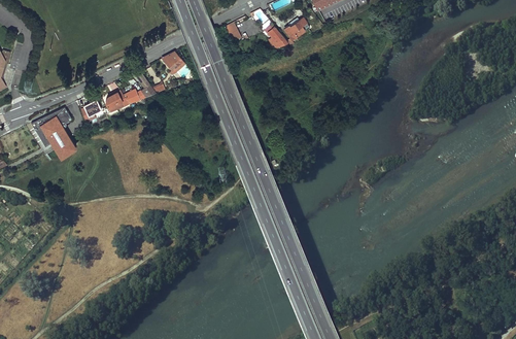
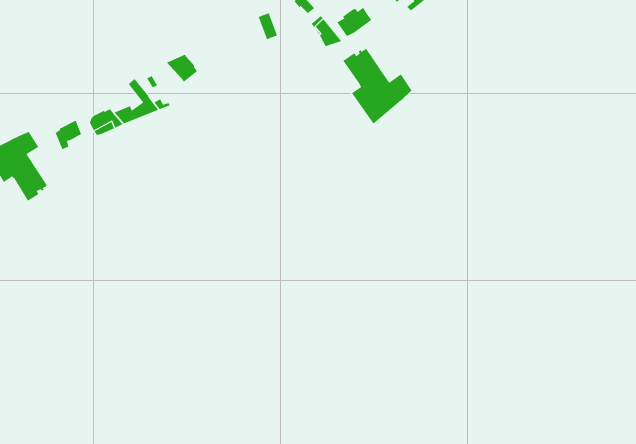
building: none -> [343,48,412,125]

